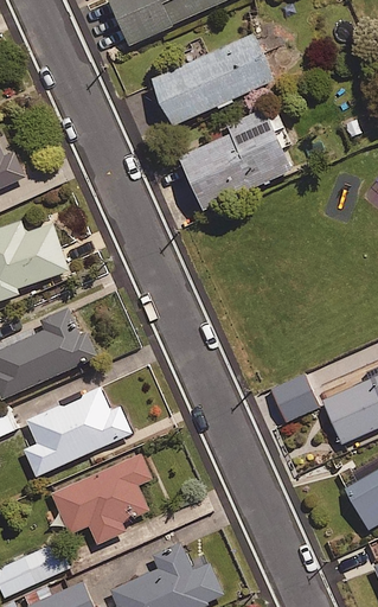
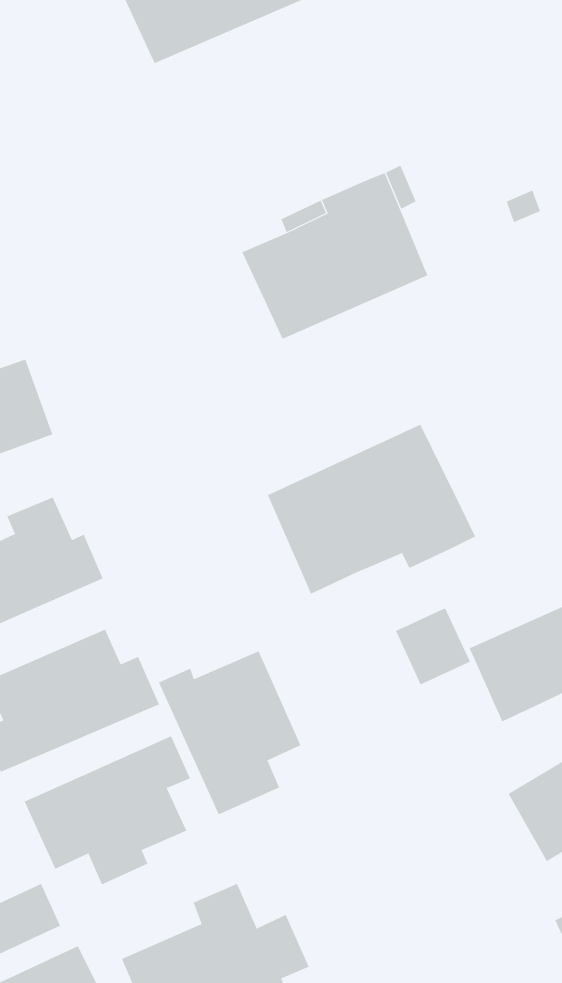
building: [155,34,277,127] -> none
building: none -> [267,424,476,594]
building: none -> [158,650,301,815]

